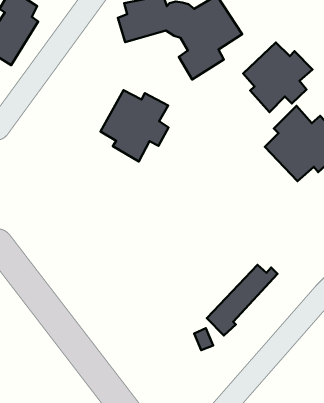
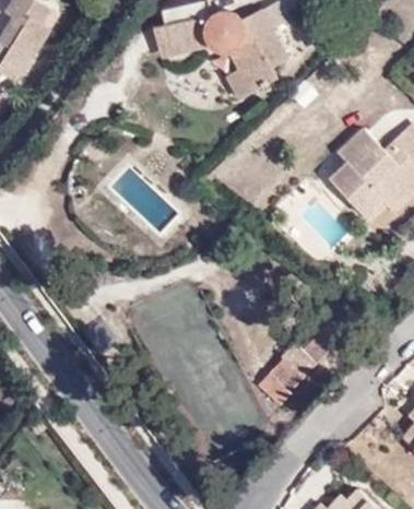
building: [243,42,312,112] -> none
building: [101,90,169,162] -> none

